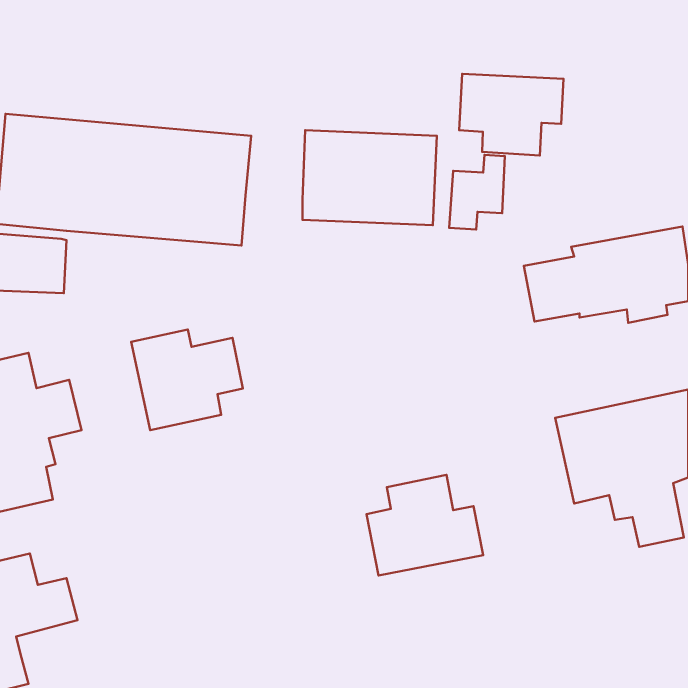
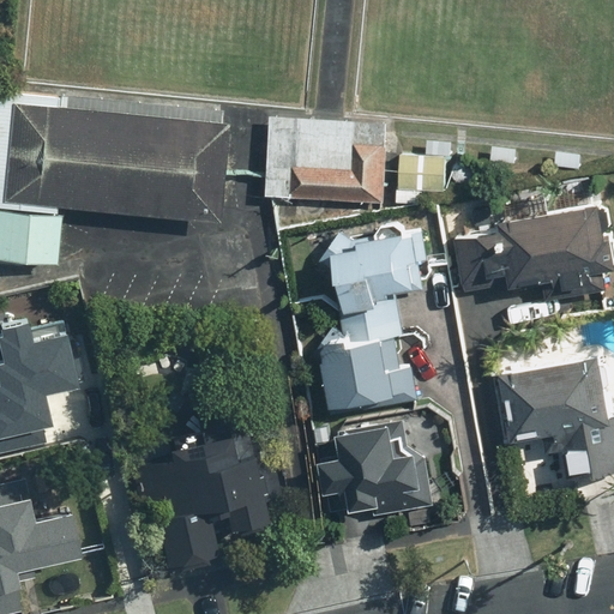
building: [459,74,563,155] -> none
building: none -> [326,234,423,405]
building: [131,329,243,430] -> none
building: none -> [150,410,266,566]

